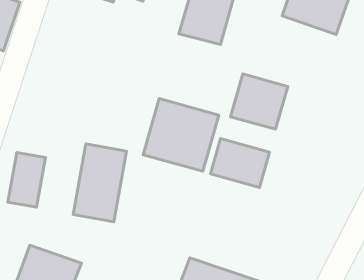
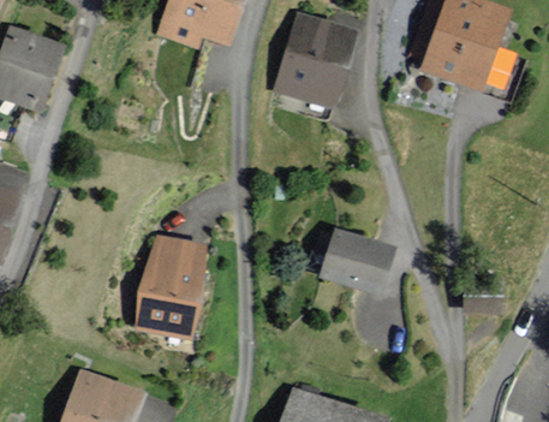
building: [231,74,288,129] -> none
building: [143,98,219,171] -> none
building: [8,153,45,207] -> none

